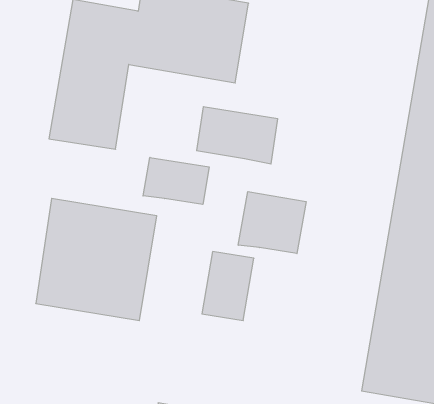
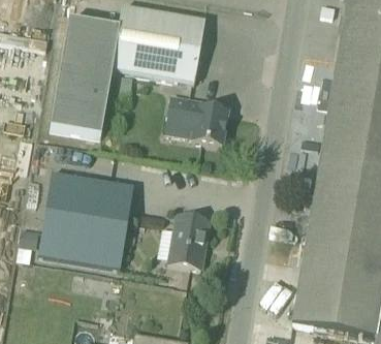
building: [143,157,209,204] -> none
building: [238,192,306,254] -> none

